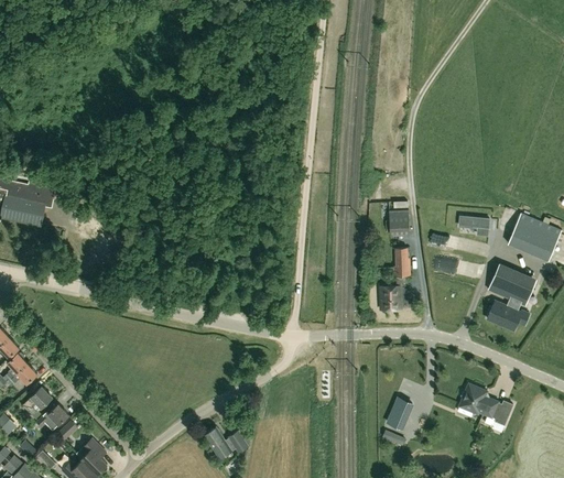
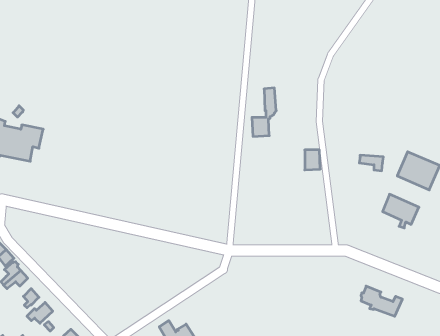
building: [379,248,410,309] -> [252,88,276,136]
building: [488,301,530,329] -> none
building: [389,398,414,428] -> none

